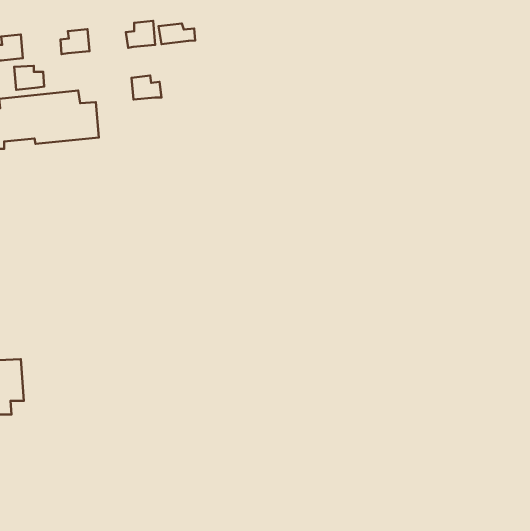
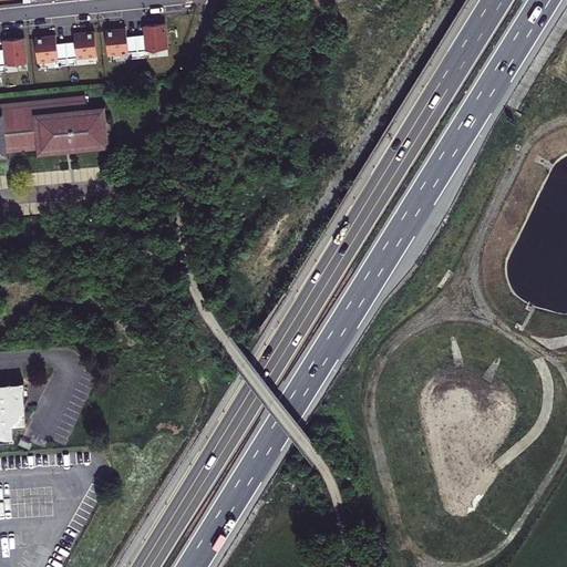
building: [159,24,195,44] -> none
building: [14,66,44,90] -> [33,37,65,62]
building: [131,76,162,100] -> [104,29,136,54]

